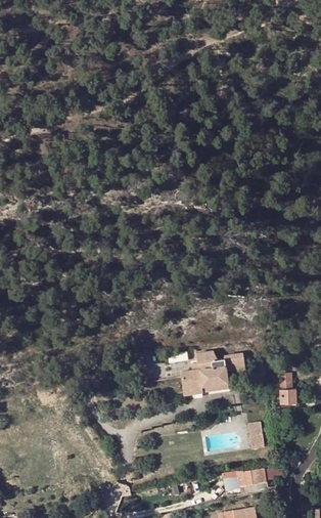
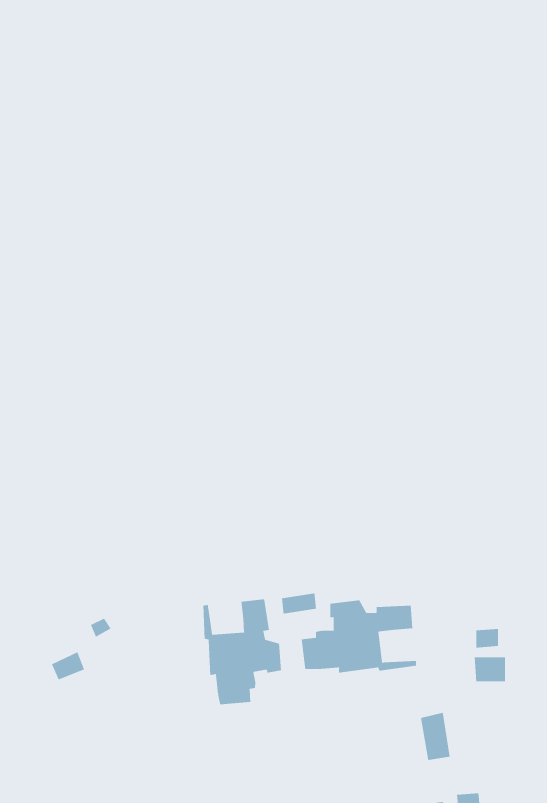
building: none -> [203,599,281,705]

